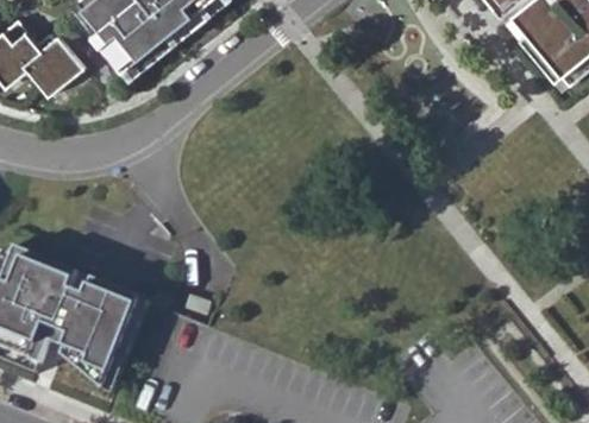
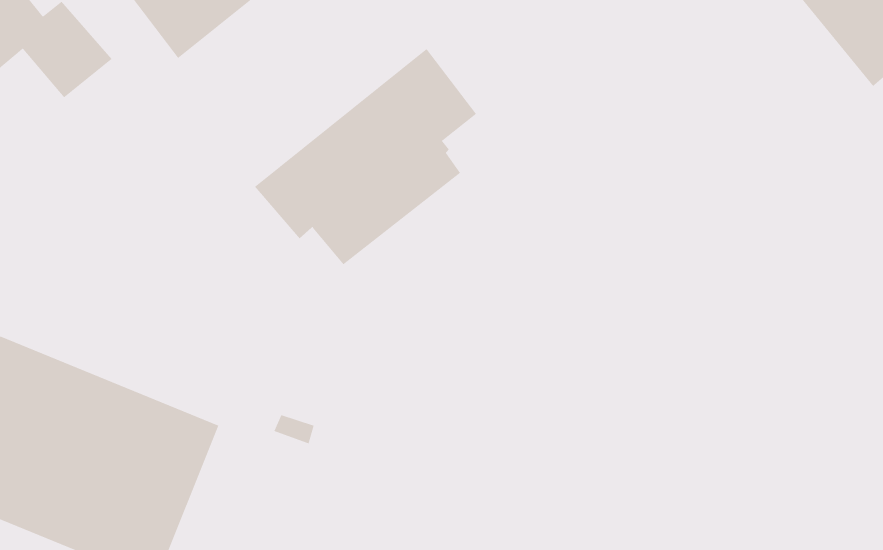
building: none -> [254,48,477,265]

